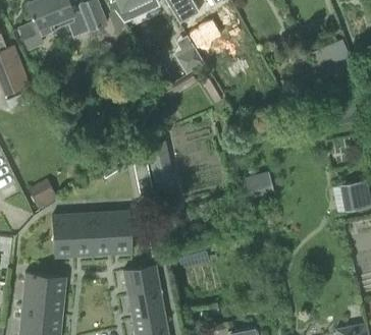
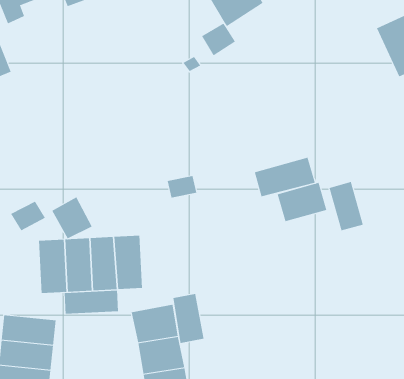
building: none -> [254,157,315,197]
building: none -> [329,181,363,231]
building: none -> [51,197,92,239]
building: none -> [64,290,118,314]
building: none -> [173,293,204,344]

